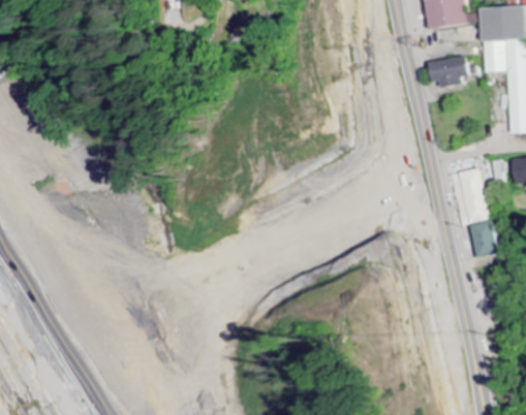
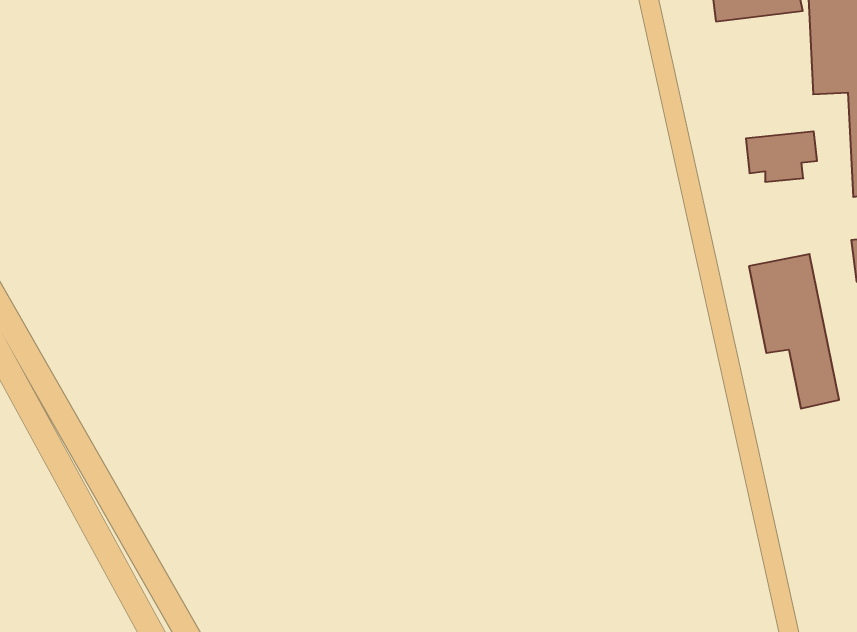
building: [431,57,473,87] -> [746,131,817,182]

